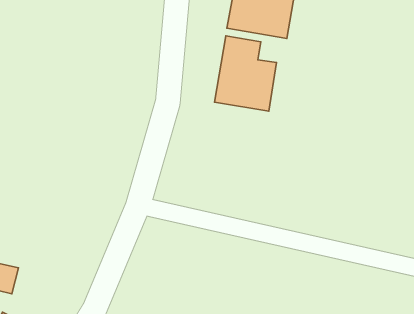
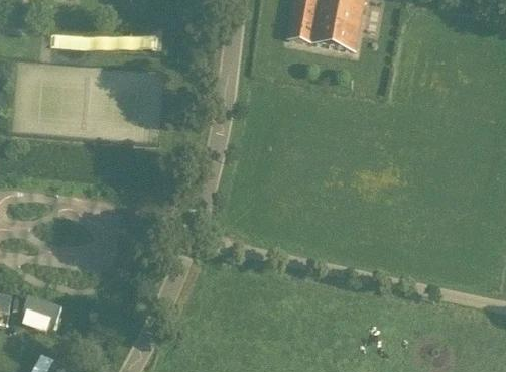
building: [215,36,276,111] -> none

